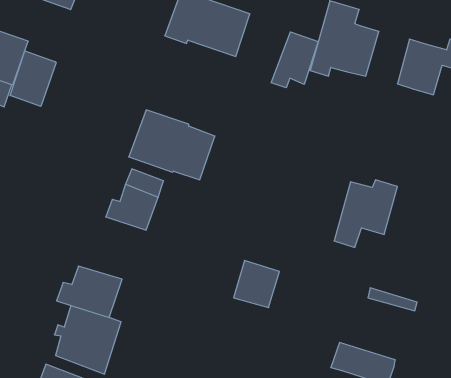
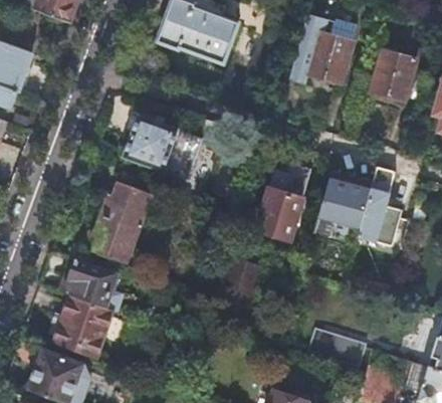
building: [271,32,318,88] -> none
building: [10,51,56,106] -> none
building: none -> [260,162,312,234]
building: none -> [358,167,401,244]
building: none -> [87,213,140,262]

